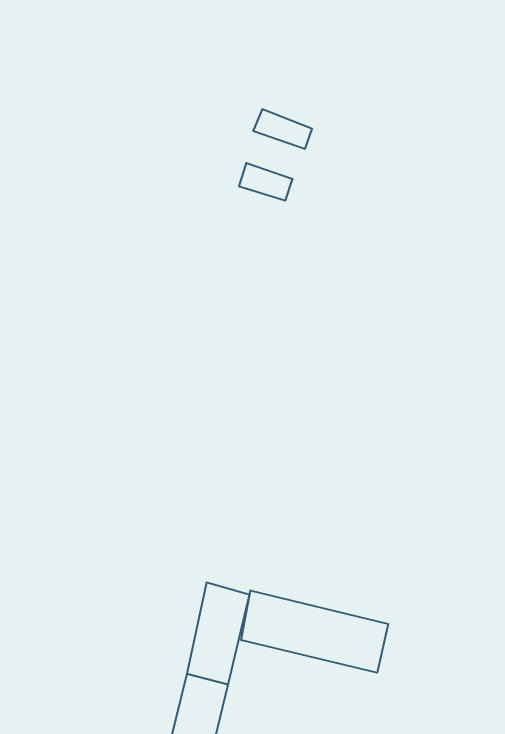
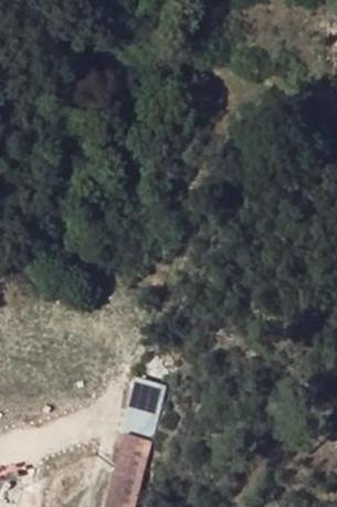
building: [241,590,388,673] -> none

